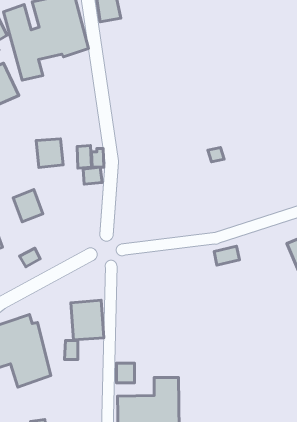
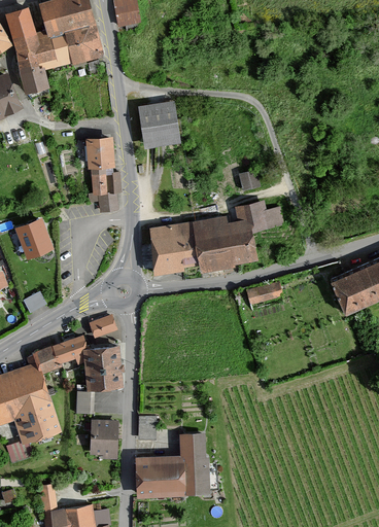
building: none -> [140,103,177,145]
building: [36,139,63,167] -> [84,137,115,170]
building: none -> [151,202,281,272]
building: none -> [85,313,116,340]
building: none -> [32,333,85,373]
building: none -> [89,419,118,460]

